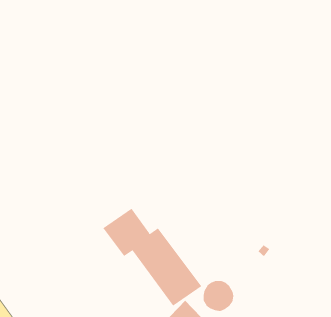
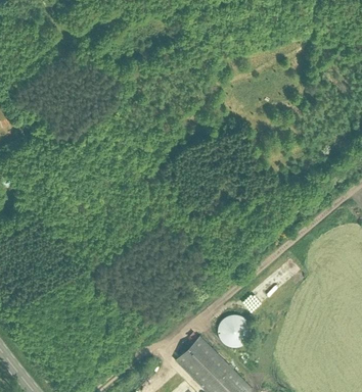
building: [102,208,202,307] -> none

